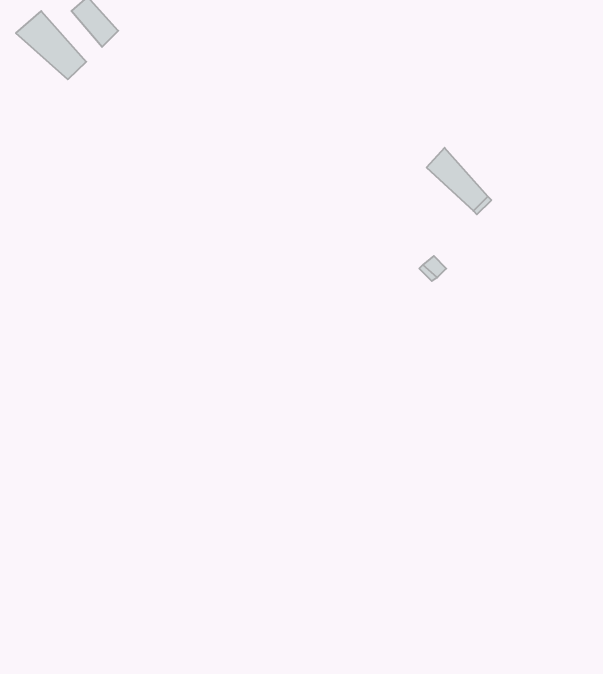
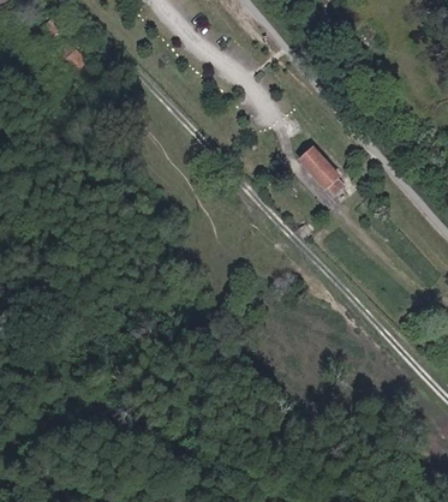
building: [16,11,86,79] -> none

